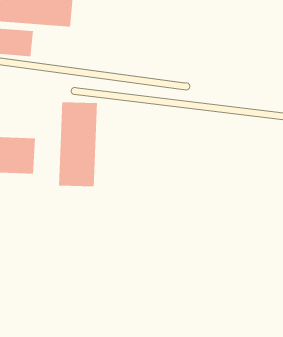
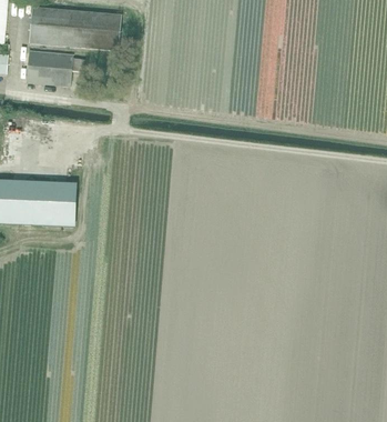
building: [59,101,98,187] -> none

